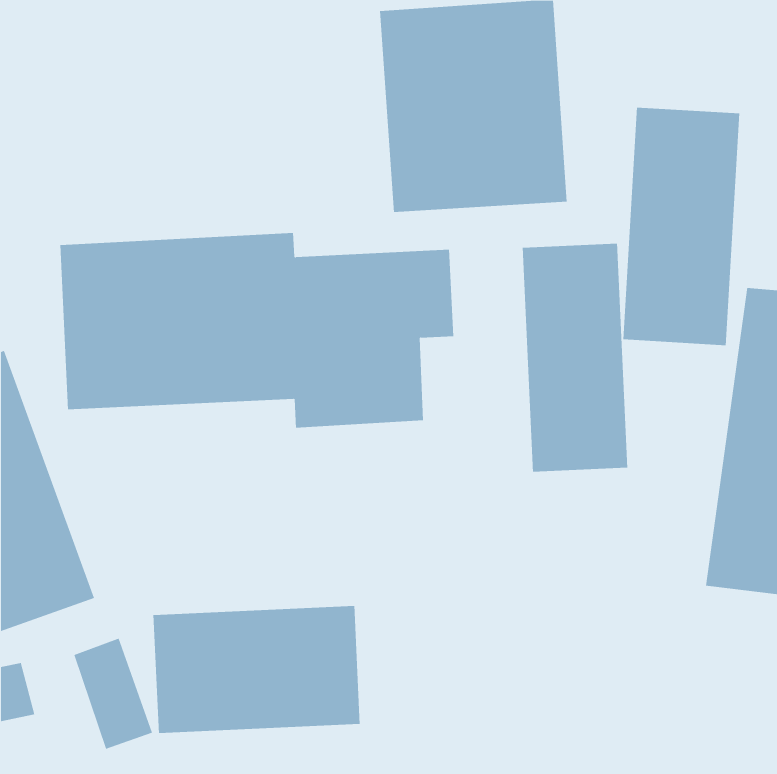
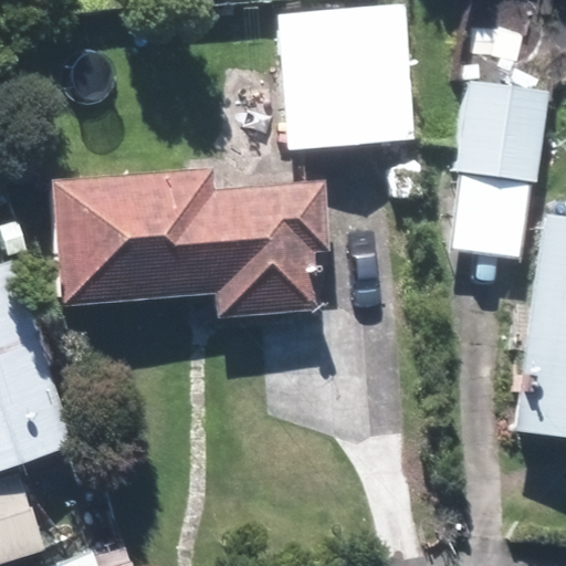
building: [522,243,628,472] -> none
building: [153,605,360,734] -> none

